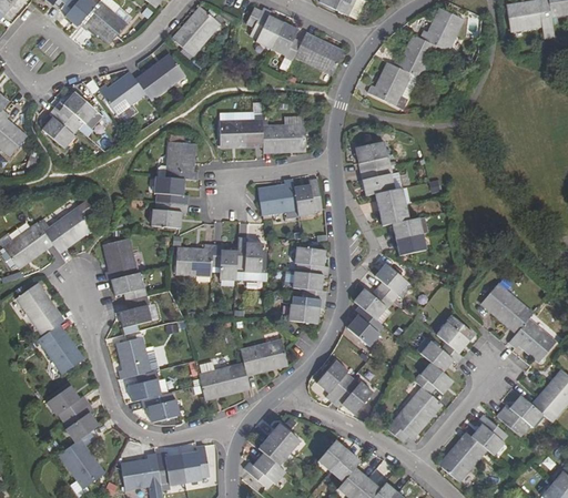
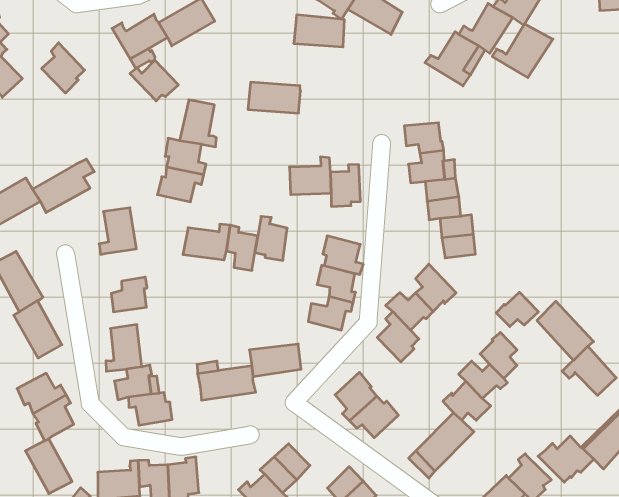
building: none -> [492,24,553,78]
building: [53,91,95,125] -> [130,60,178,101]
building: [263,125,305,150] -> [294,15,344,47]
building: [110,273,146,302] -> none
building: none -> [496,292,538,327]

